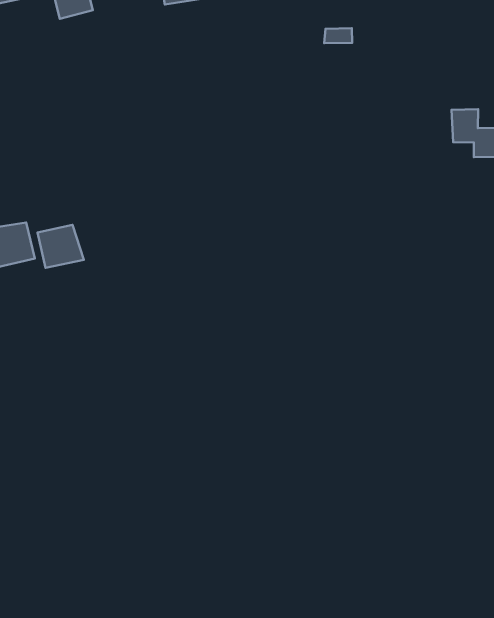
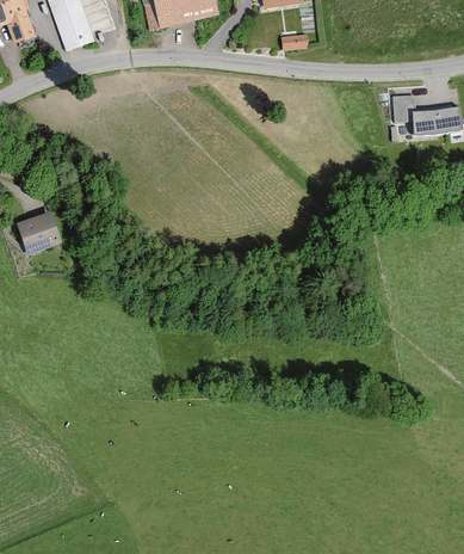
building: [37,225,84,268] -> none

